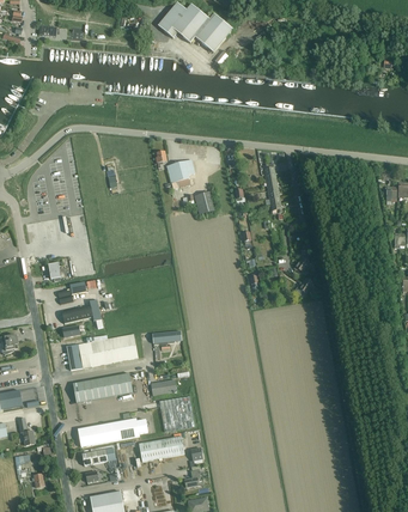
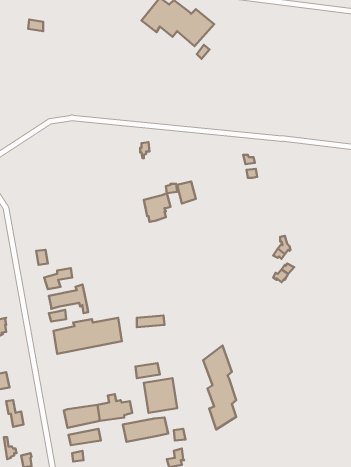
building: [168,158,195,188] -> [144,193,170,222]
building: none -> [203,346,236,430]
building: [73,372,133,402] -> none

